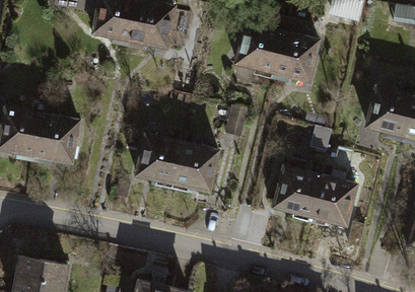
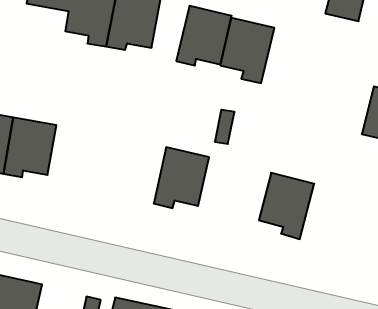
building: [271,29,322,84] -> [176,6,232,66]
building: [135,131,184,191] -> none
building: [306,172,358,227] -> none

